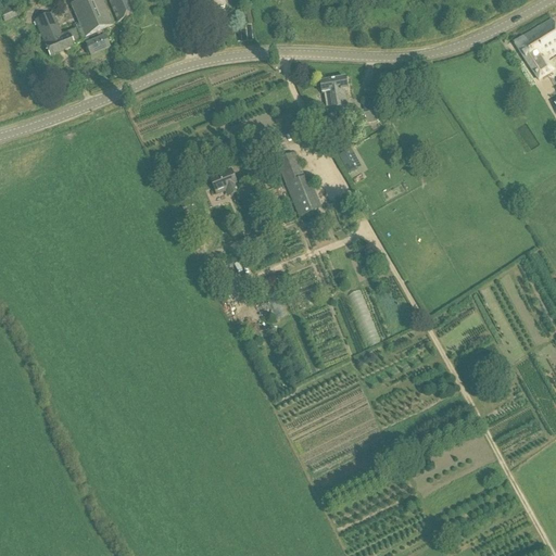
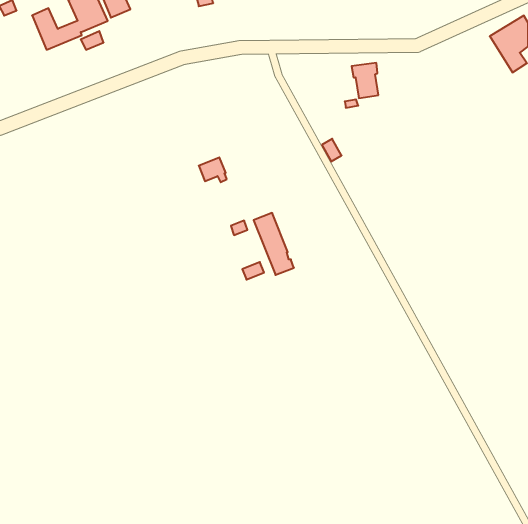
building: [319,74,348,111] -> [352,63,378,98]
building: [275,149,317,214] -> [254,213,294,275]

